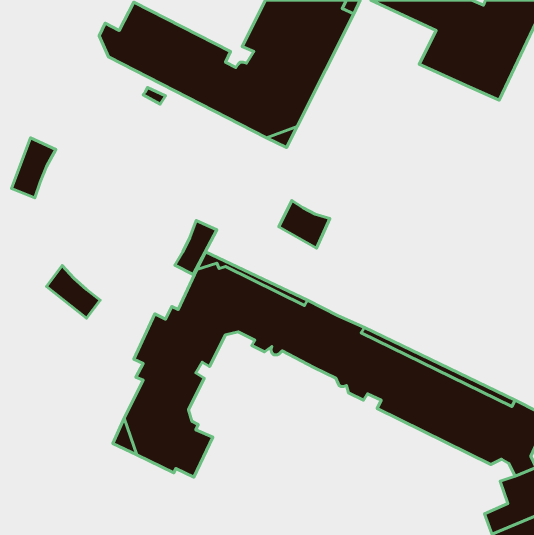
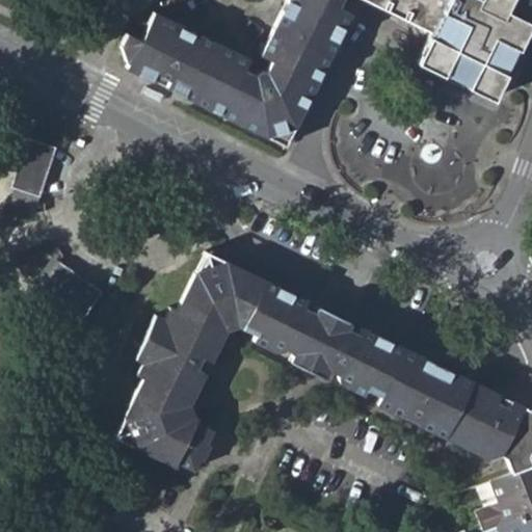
building: [279,201,330,248] -> none
building: [175,221,217,275] -> none

